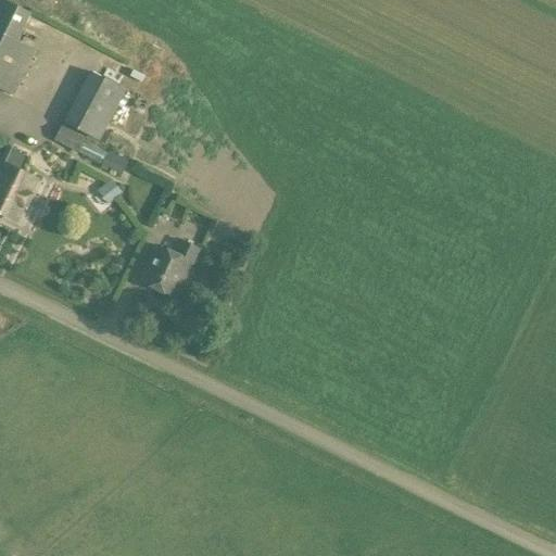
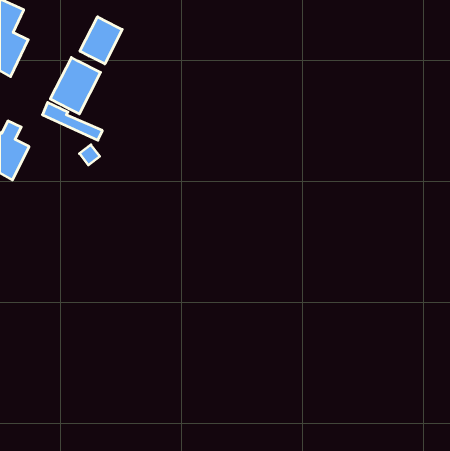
building: none -> [80,17,122,64]
building: [139,238,199,298] -> none

